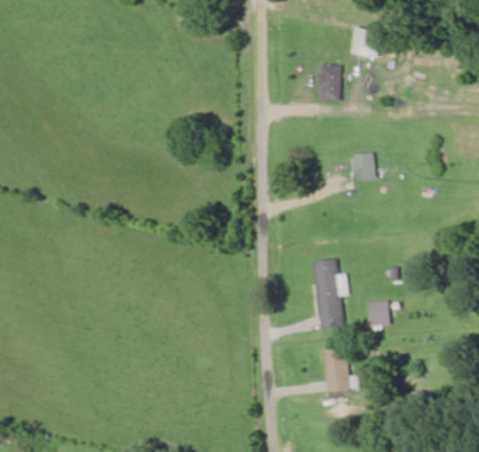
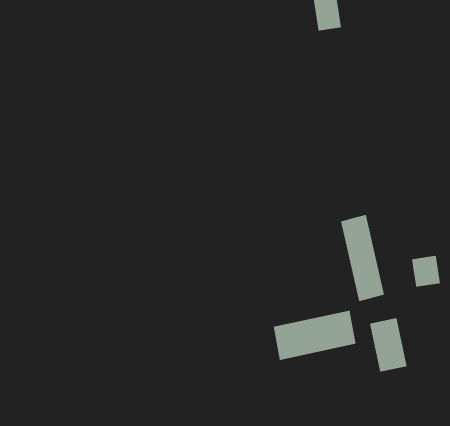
building: [351,153,375,181] -> none
building: none -> [273,310,356,361]

